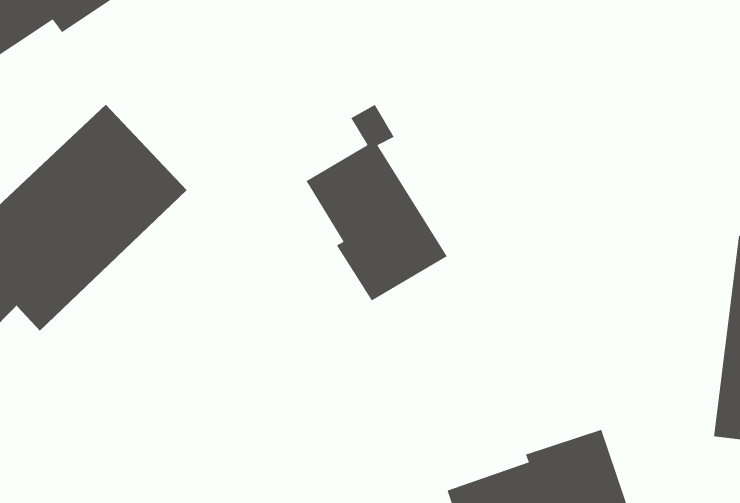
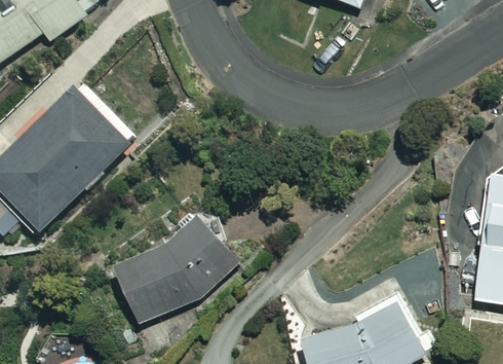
building: [306,104,448,302] -> none
building: none -> [114,219,237,323]

